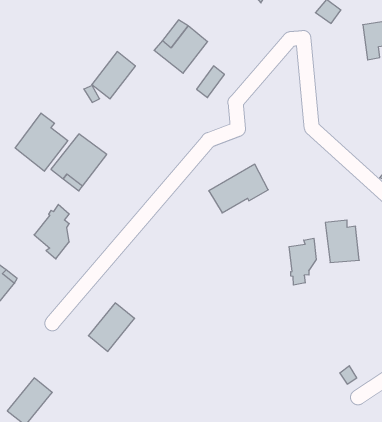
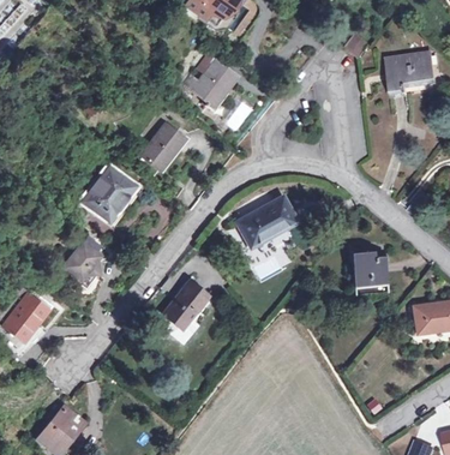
building: [92,52,135,99] -> [139,122,182,169]
building: [15,113,68,171] -> none
building: [289,238,316,285] -> none
building: [88,303,135,351] -> [162,280,208,328]

